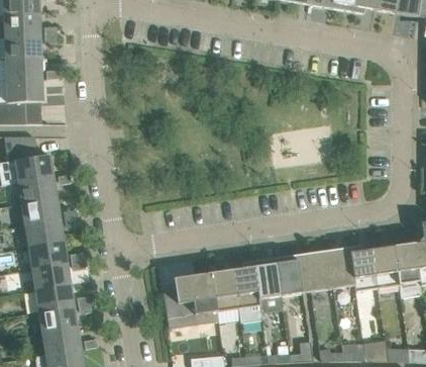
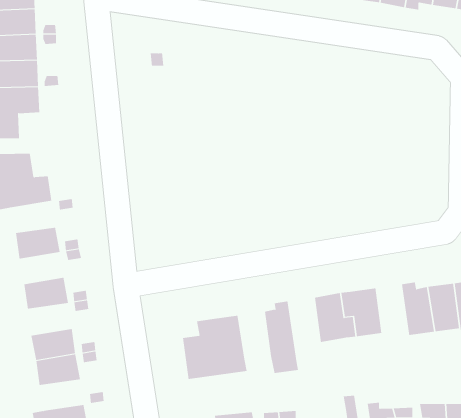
building: [18,176,57,203] -> none
building: [25,219,64,247] -> none
building: [328,247,355,290] -> none
building: [253,258,283,312] -> none
building: [32,263,71,290] -> none
building: [211,270,238,310] -> none
building: [42,328,81,354] -> none

